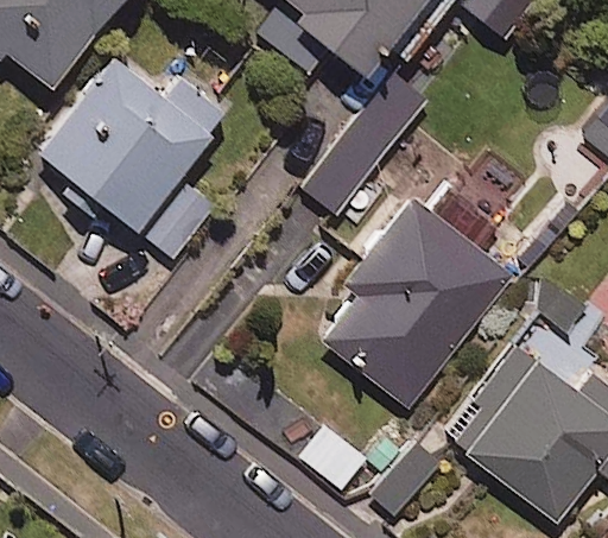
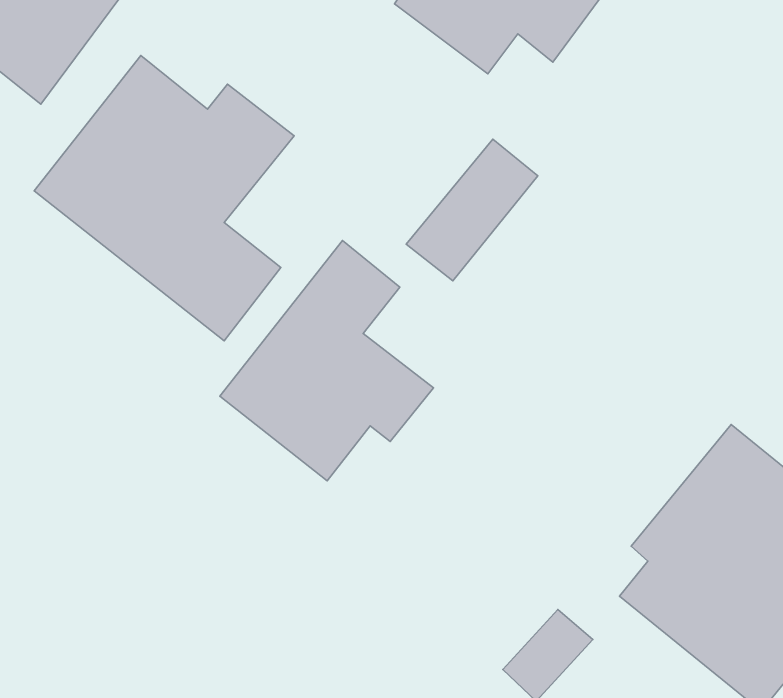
building: none -> [220,241,434,481]
building: [322,196,512,409] -> none

